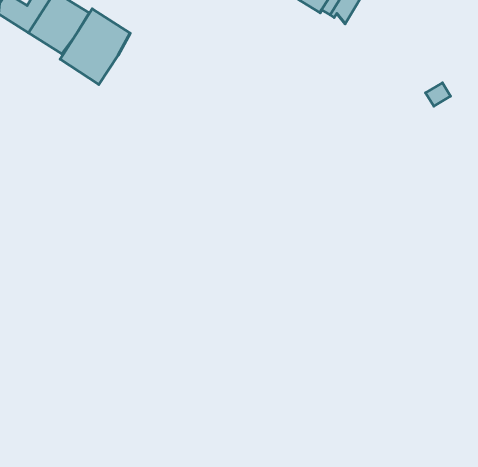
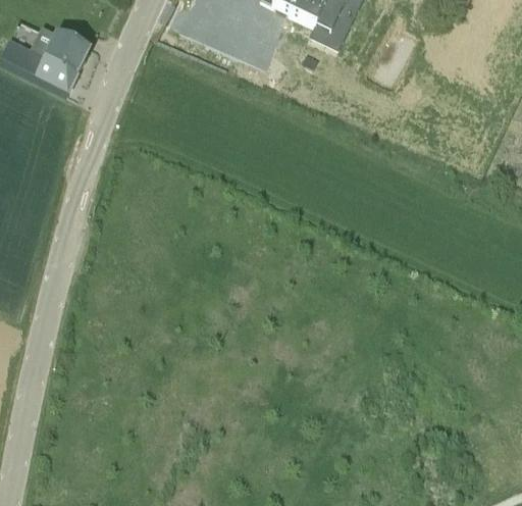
building: [60,9,130,84] -> none

